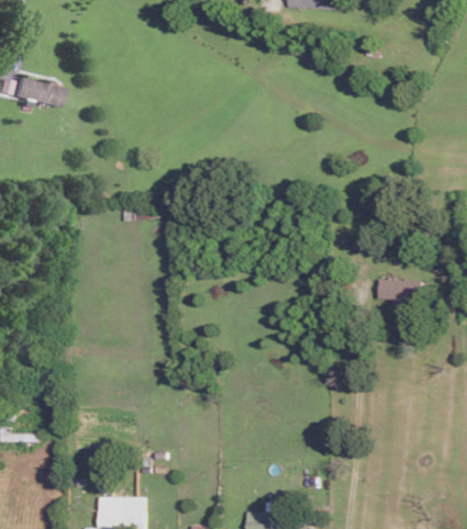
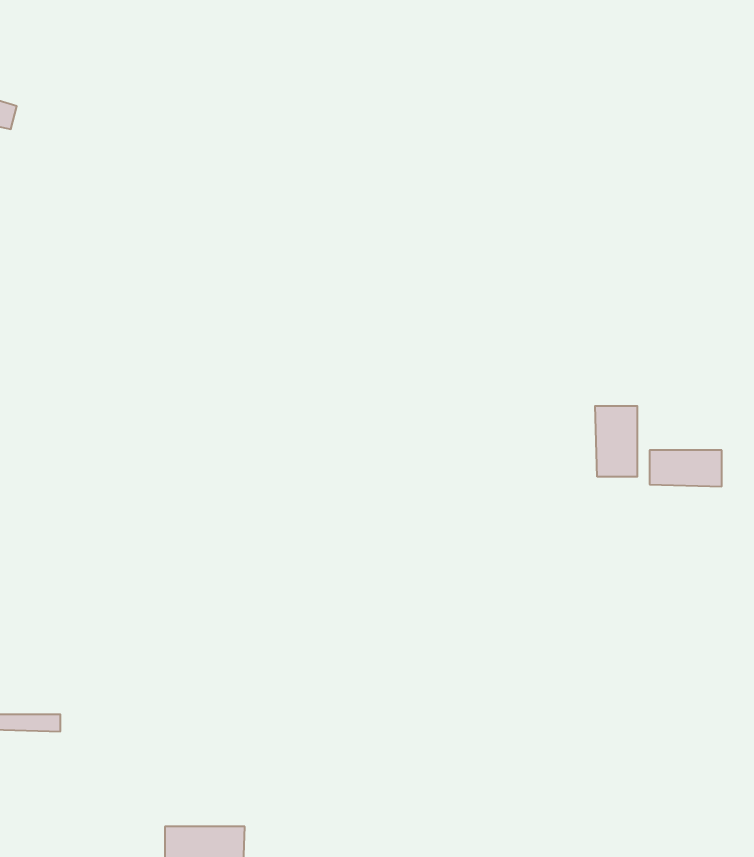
building: [14,77,64,106] -> none
building: none -> [595,406,637,477]

